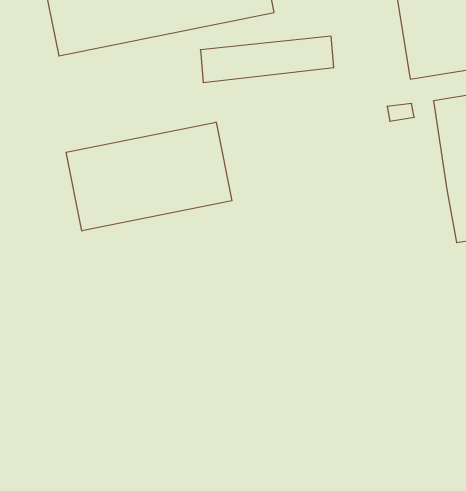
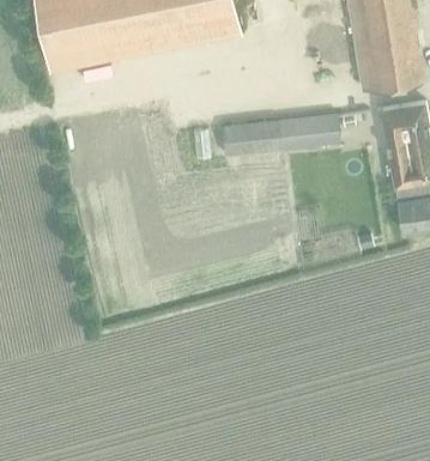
building: [200,36,334,82] -> [222,117,339,158]
building: [66,122,232,231] -> none

